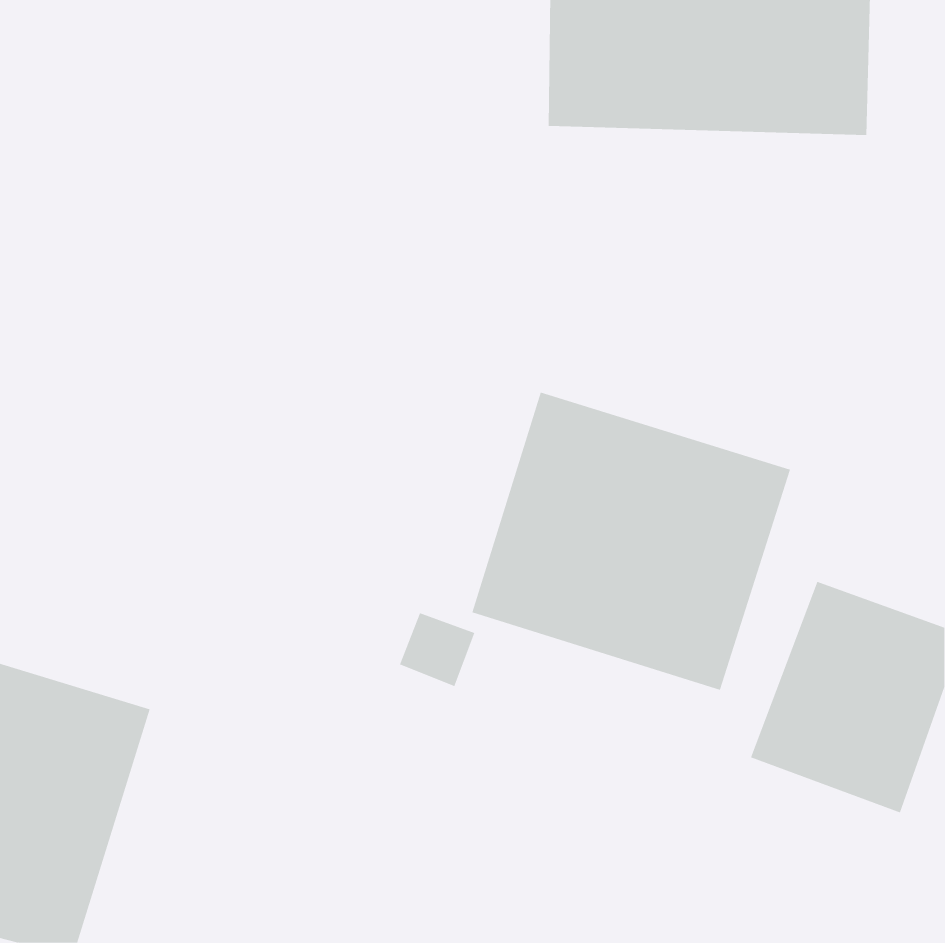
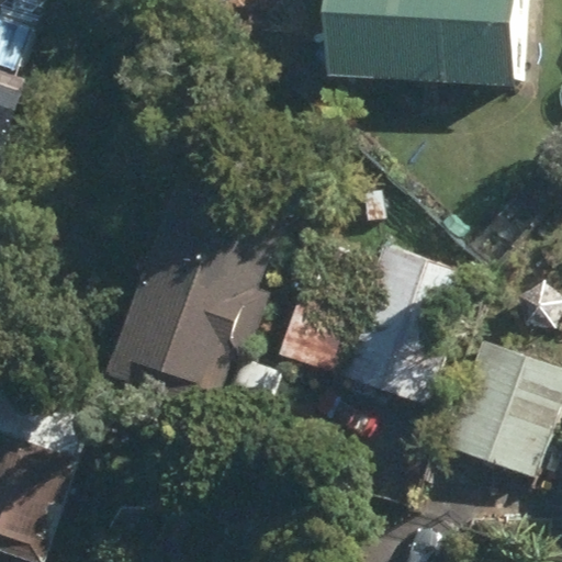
building: none -> [106,180,282,418]

